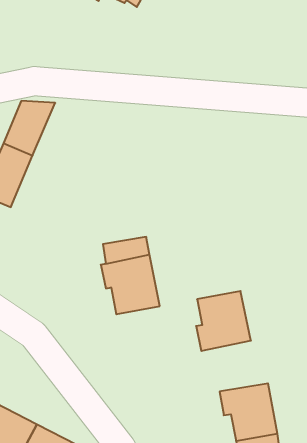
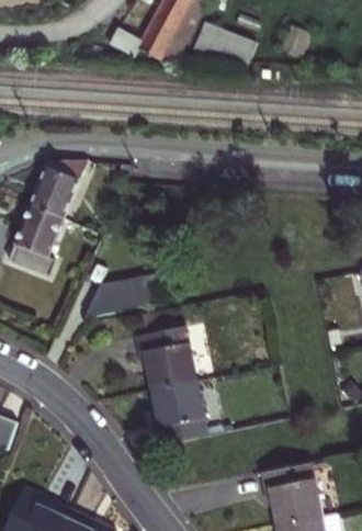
building: none -> [81,280,155,319]
building: [196,291,251,351] -> [151,382,210,445]

